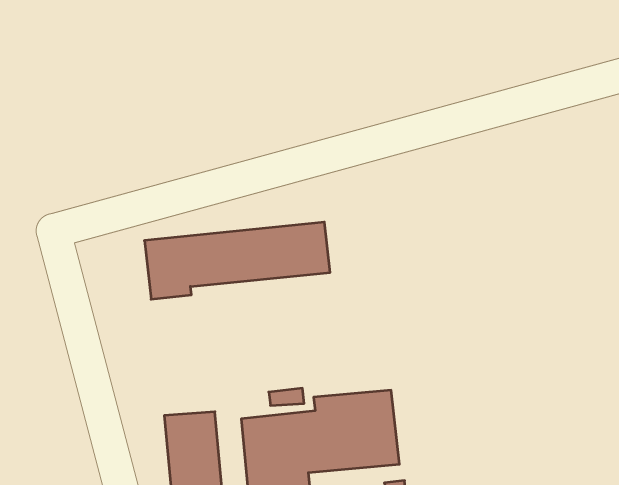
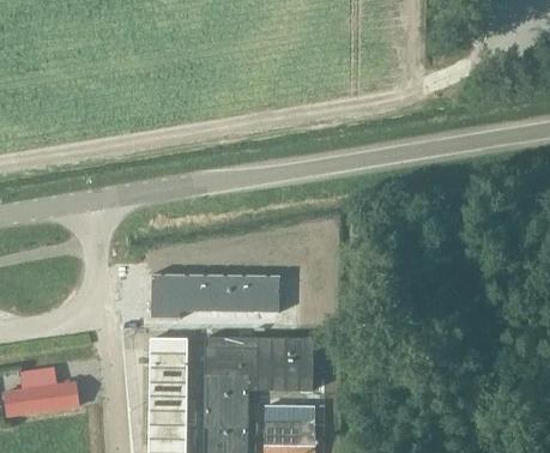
building: [144,222,330,299] -> [151,274,279,316]

